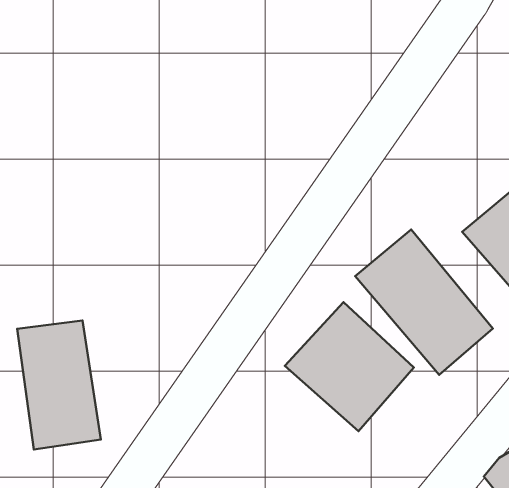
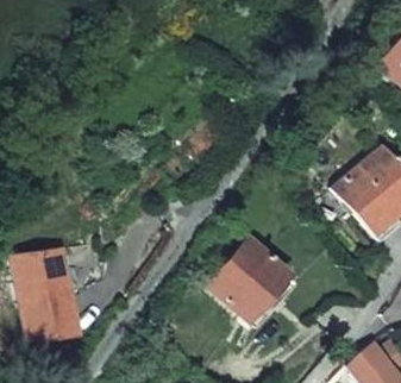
building: [355,229,493,375] -> none

